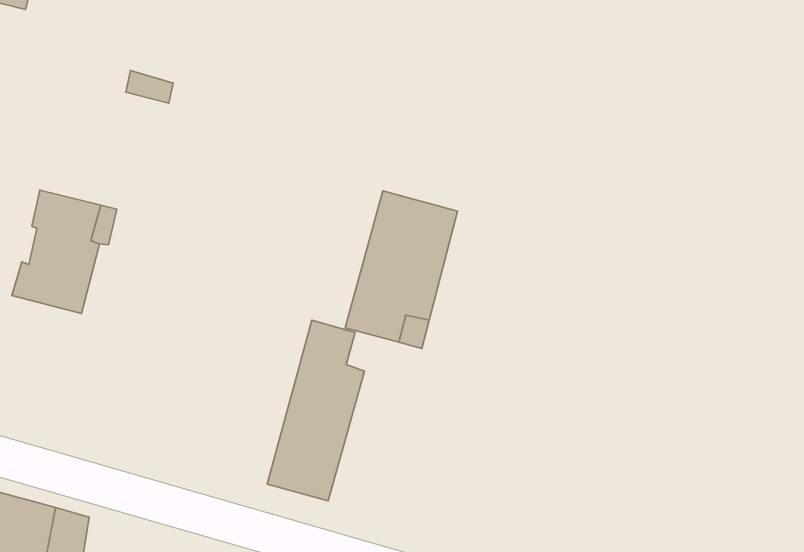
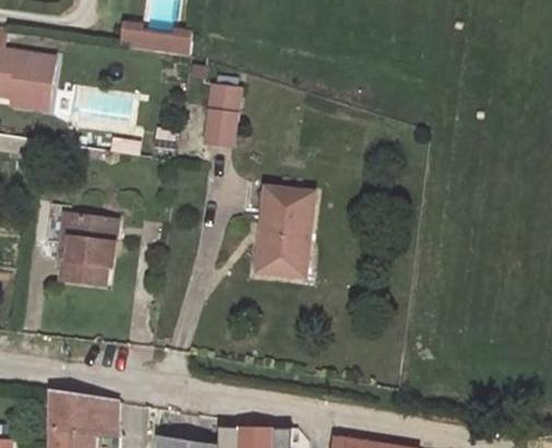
building: none -> [208,87,239,149]
building: [267,320,364,501] -> none

